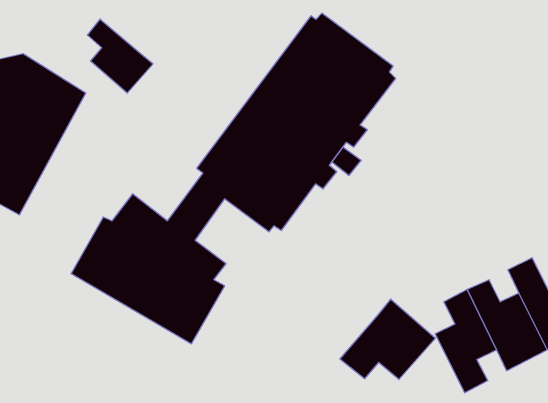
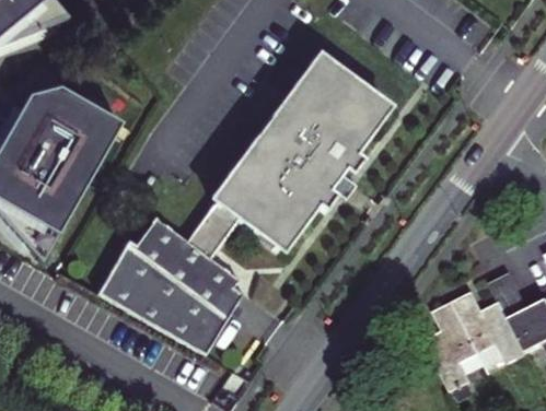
building: [87,19,153,93] -> none
building: [340,299,435,380] -> none

